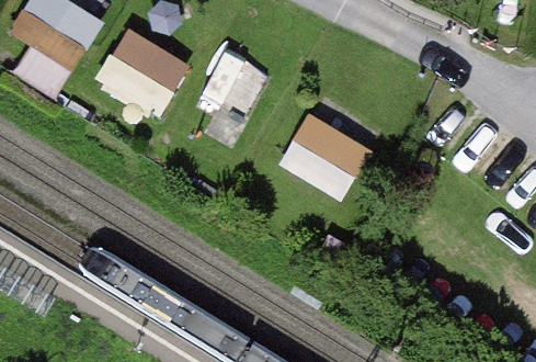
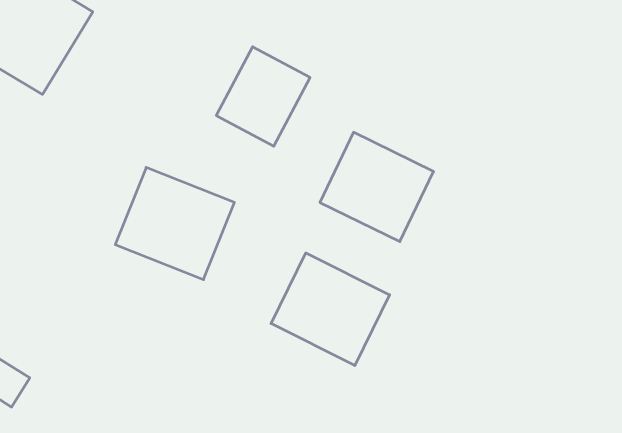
building: [95,29,189,116] -> [115,167,234,280]
building: none -> [271,253,390,366]

